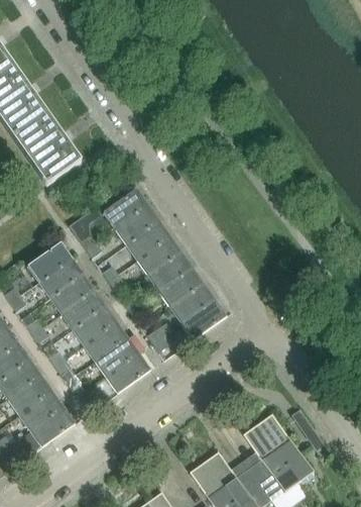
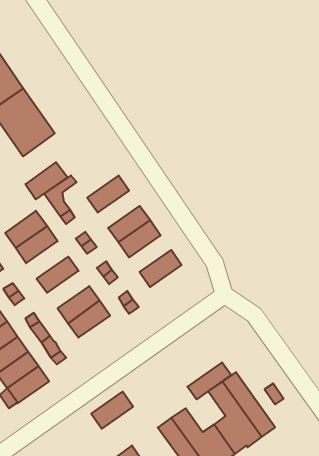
building: [104,189,148,228] -> [25,162,67,199]
building: [126,221,170,261] -> none
building: [159,269,204,307] -> none
building: [50,275,95,314] -> none
building: [182,300,226,339] -> none
building: [73,306,117,345] -> none
building: [106,353,150,393] -> [91,392,133,429]
building: none -> [187,362,231,399]

